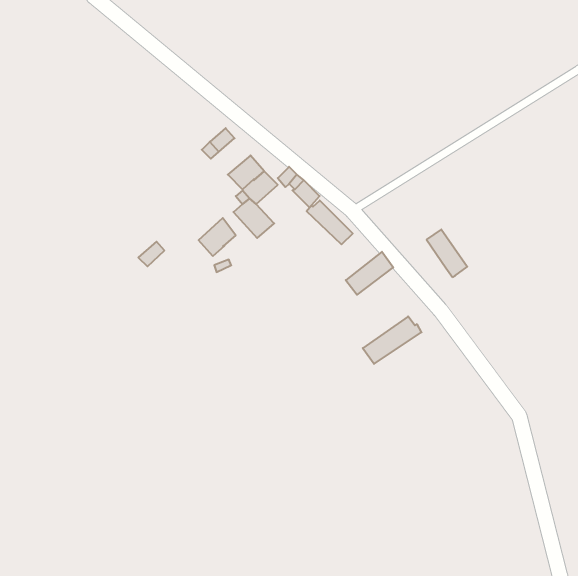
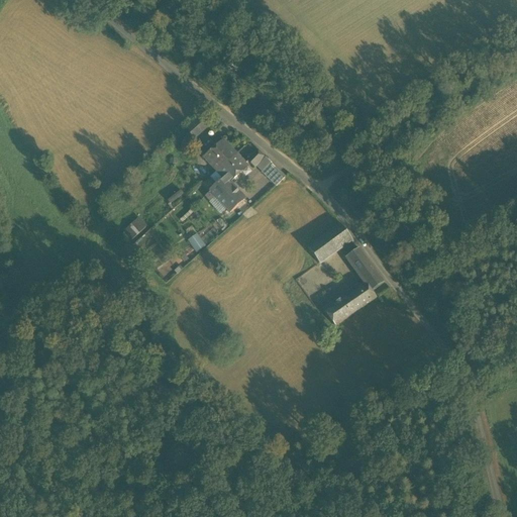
building: [307,200,353,244] -> none
building: [199,218,236,256] -> none
building: [427,229,467,277] -> [347,247,384,290]

